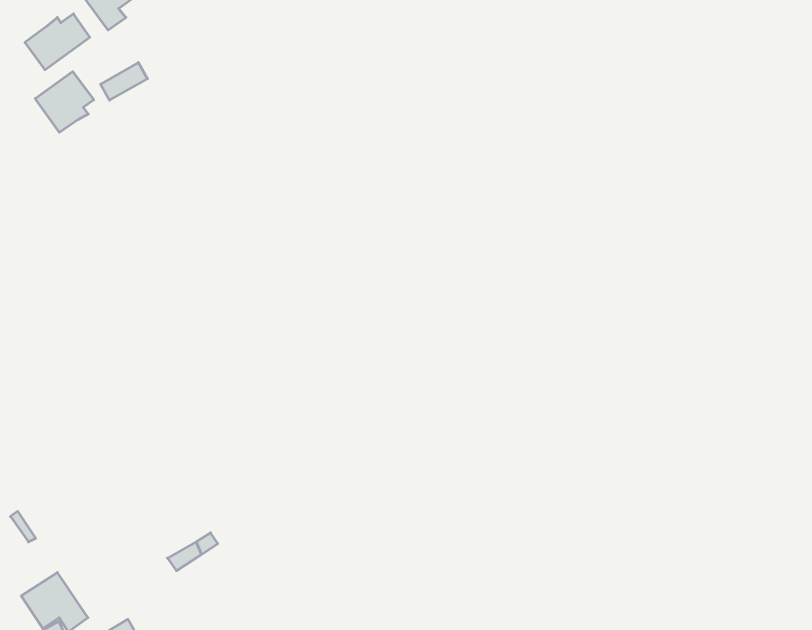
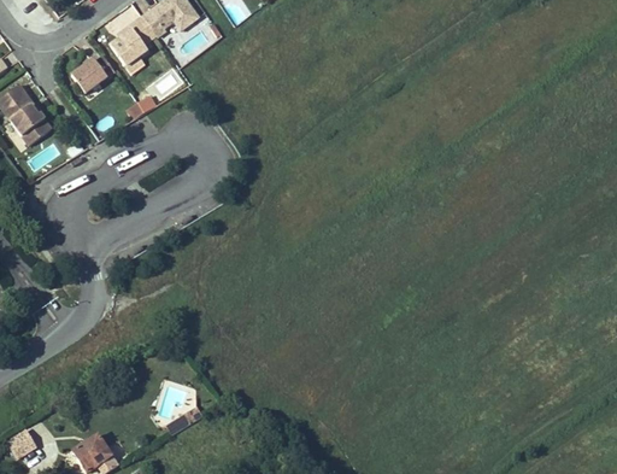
building: [35,72,94,132] -> none

